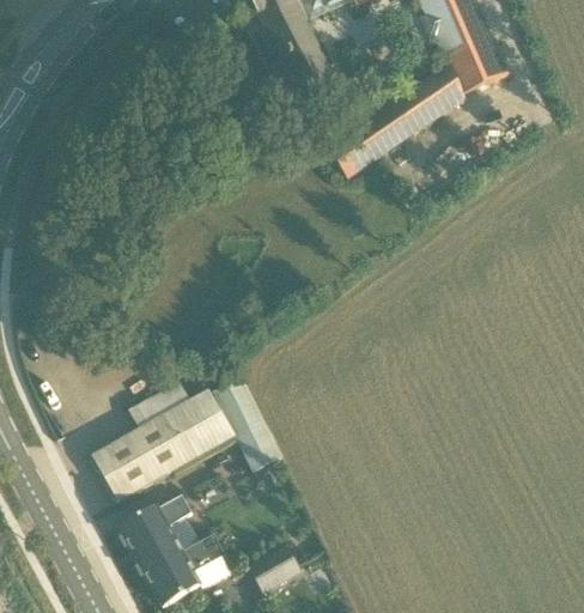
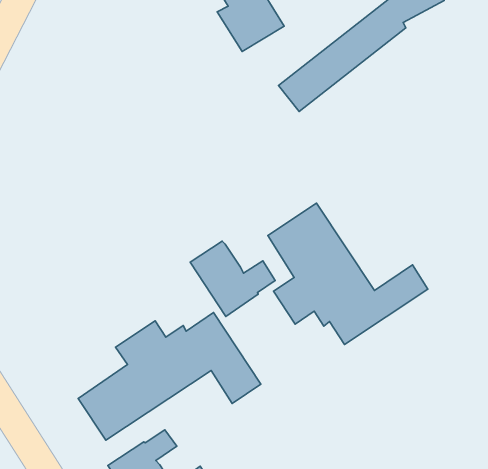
building: none -> [268,203,428,345]
building: none -> [190,241,275,316]

